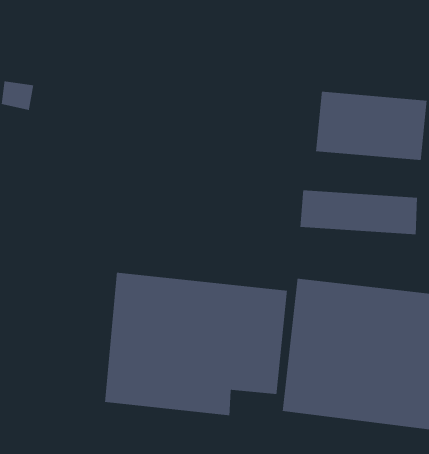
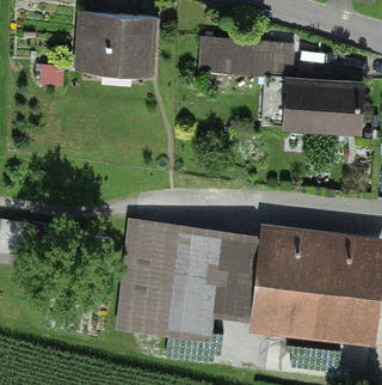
building: none -> [74,13,159,79]
building: [299,190,418,235] -> [199,39,292,75]

